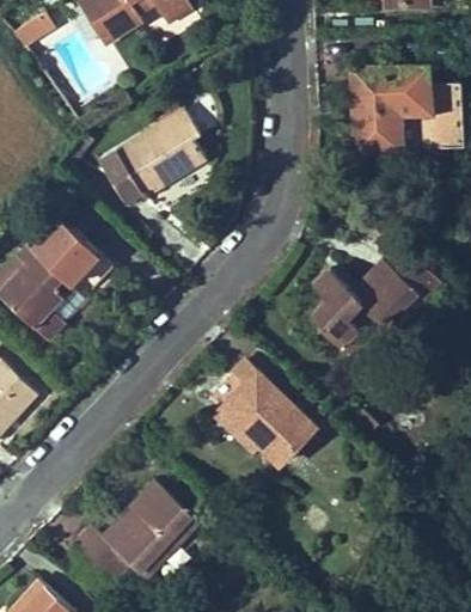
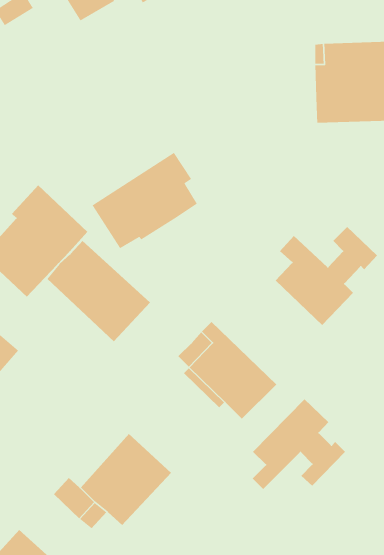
building: [99,105,212,208] -> [92,152,198,249]
building: none -> [47,240,151,342]
building: none -> [252,398,346,490]

